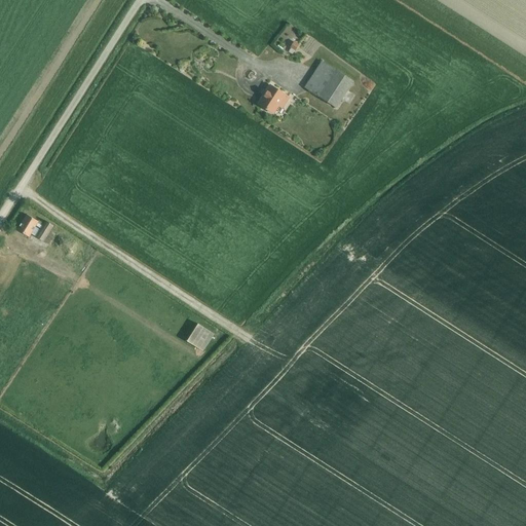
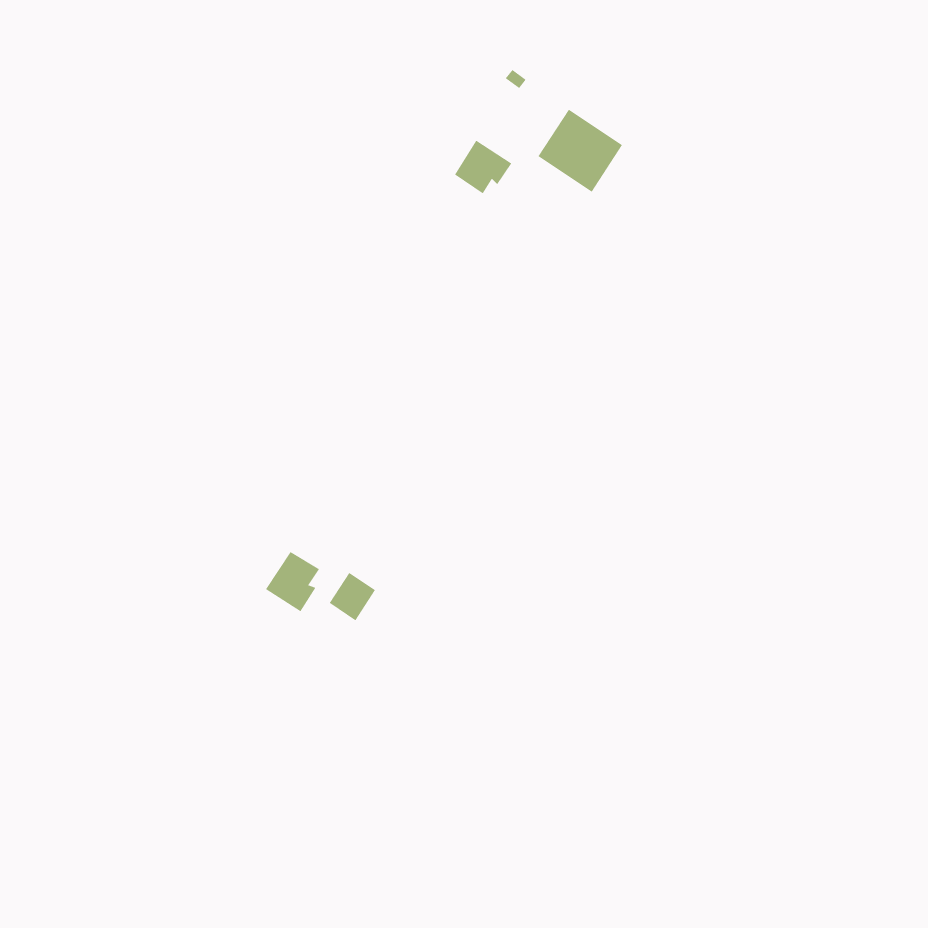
building: [17,215,54,245] -> none
building: none -> [265,551,320,612]

